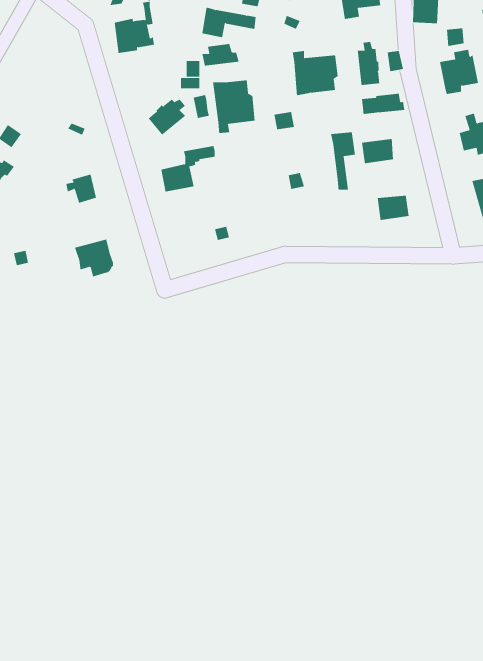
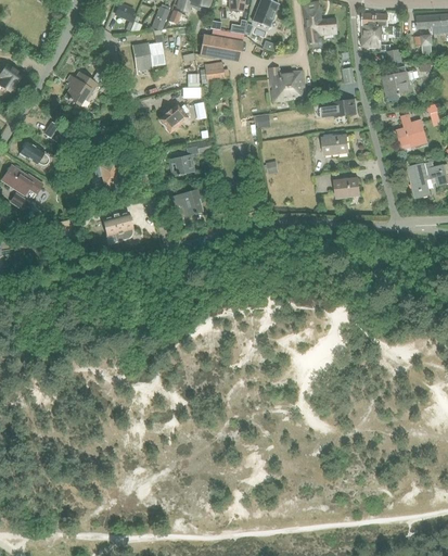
building: [357,41,380,86] -> none
building: none -> [65,72,97,105]
building: [213,80,255,134] -> none
building: [330,131,356,191] -> none
building: none -> [169,189,201,217]

